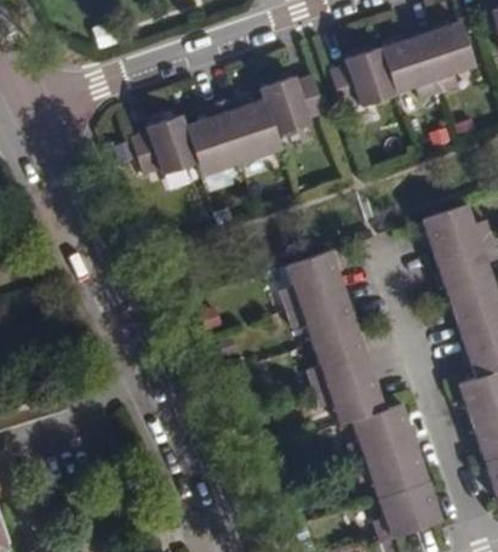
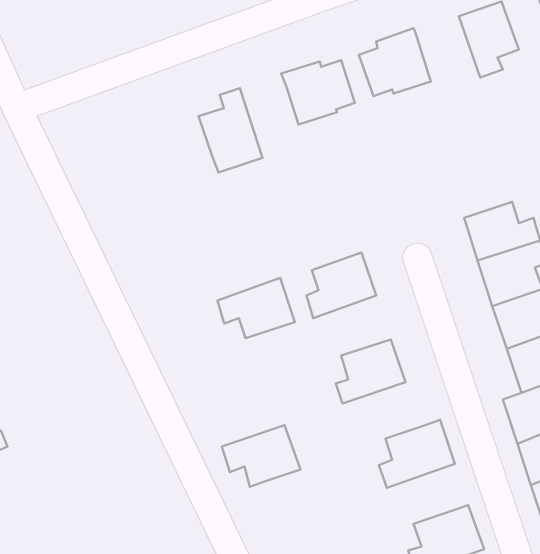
building: [380,35,440,98] -> none
building: [222,95,281,164] -> none
building: [132,115,196,176] -> none
building: [288,289,359,343] -> [218,278,295,338]
building: [315,368,387,423] -> [222,425,300,487]
building: [355,442,429,496] -> none

